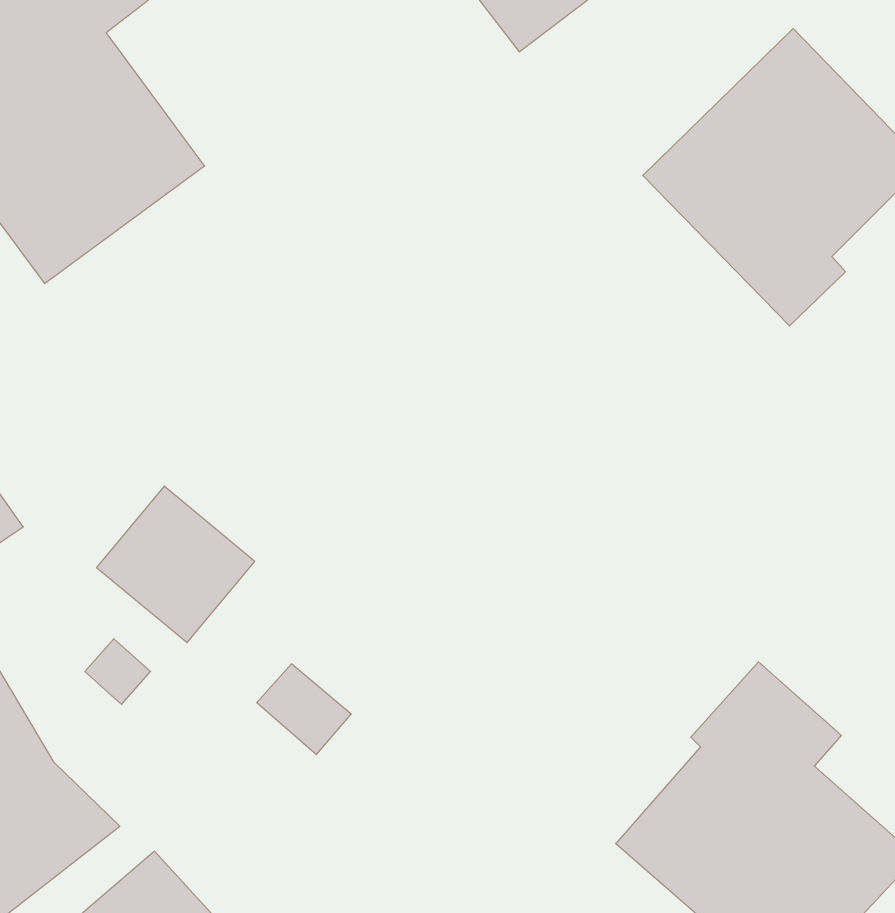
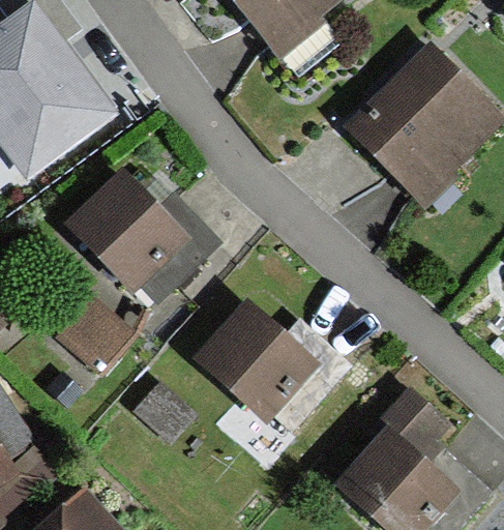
building: none -> [67,174,223,303]
building: none -> [191,300,350,432]

